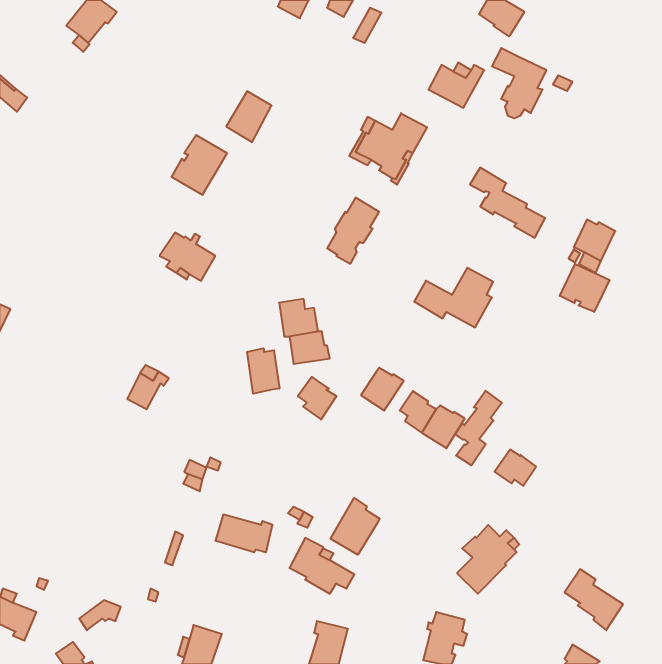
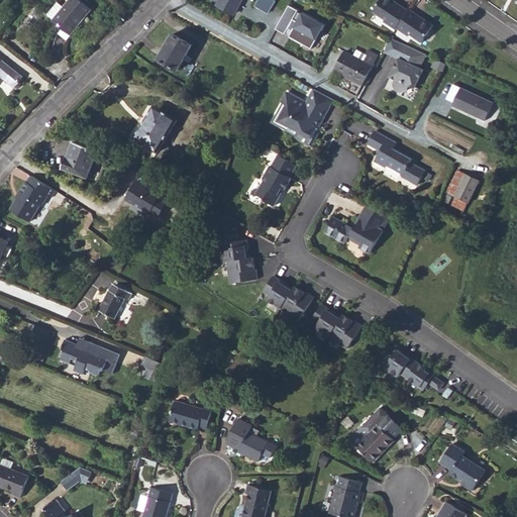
building: none -> [397,8,433,41]
building: none -> [292,14,325,46]
building: [226,91,272,142] -> [157,32,192,72]
building: none -> [451,87,494,121]
building: none -> [62,143,96,177]
building: none -> [9,176,56,221]
building: [560,264,609,312] -> none
building: [247,348,279,394] -> none
building: [298,377,337,420] -> [263,274,293,307]
building: [455,391,502,465] -> none
building: none -> [61,338,119,376]
building: none -> [407,363,443,390]
building: [331,498,380,555] -> none

